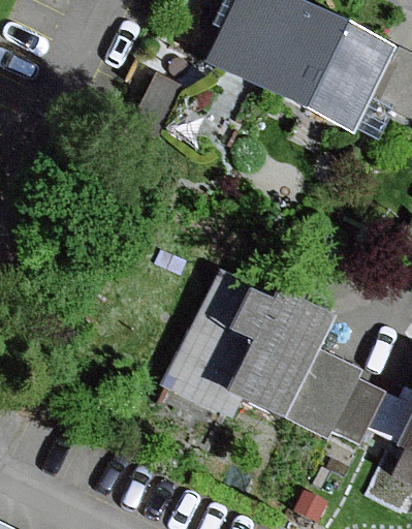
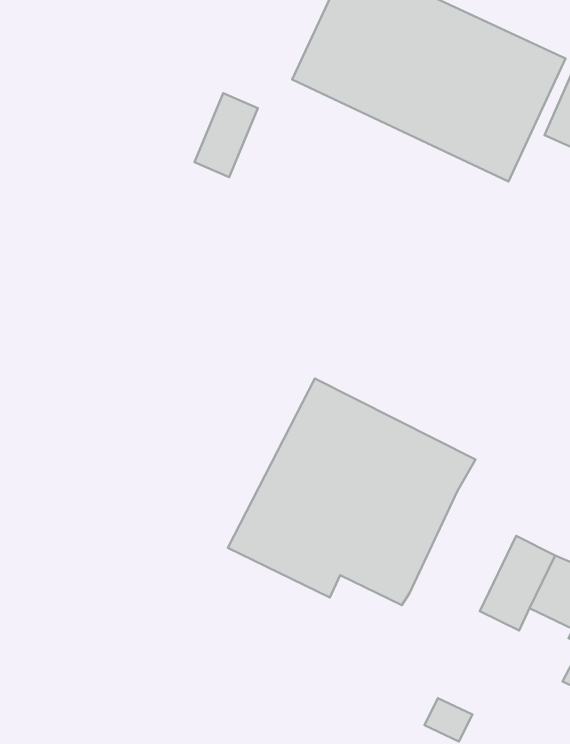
building: [286,346,365,437] -> none

